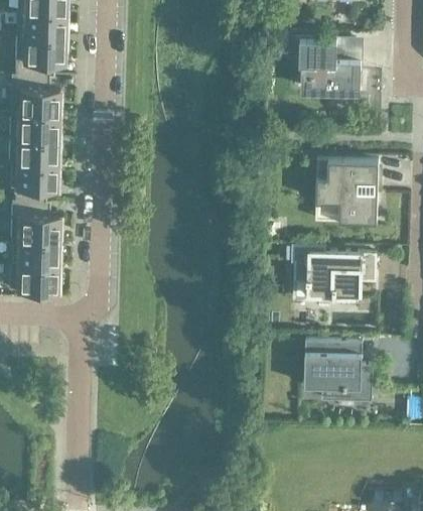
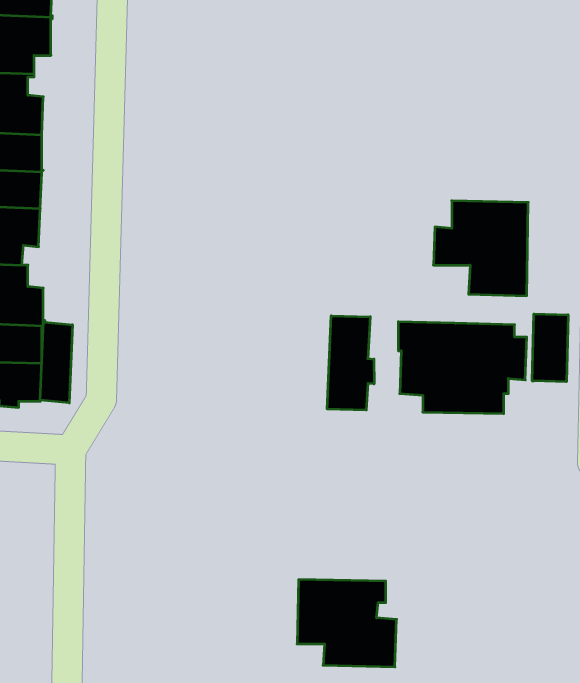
building: [294,40,358,93] -> none
building: none -> [532,314,568,382]
building: none -> [327,316,374,410]
building: none -> [40,320,72,403]
building: [304,342,370,399] -> [297,580,397,667]

